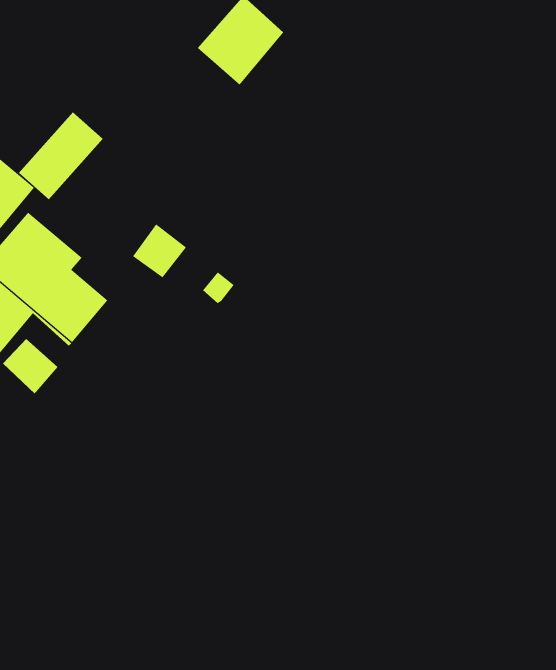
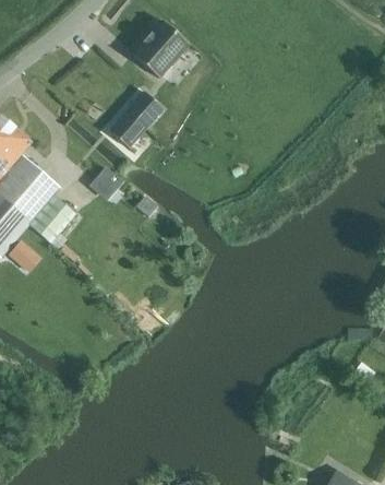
building: [18,112,103,200] -> [109,92,164,149]

